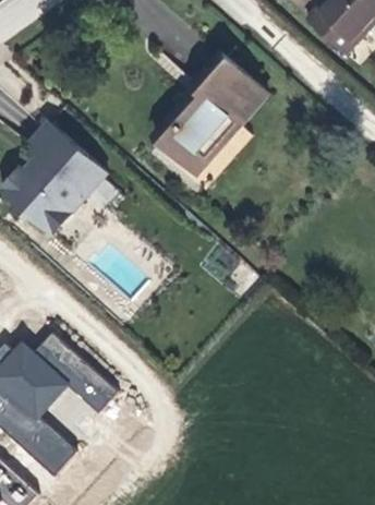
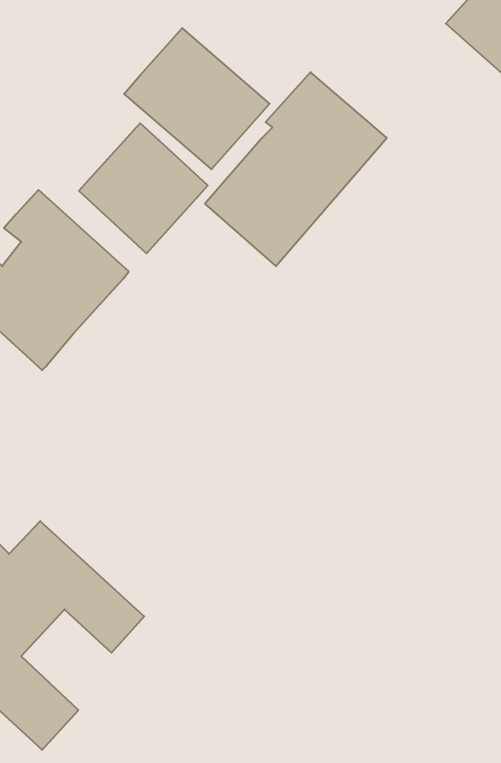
building: none -> [124,28,270,169]
building: none -> [79,123,208,253]

